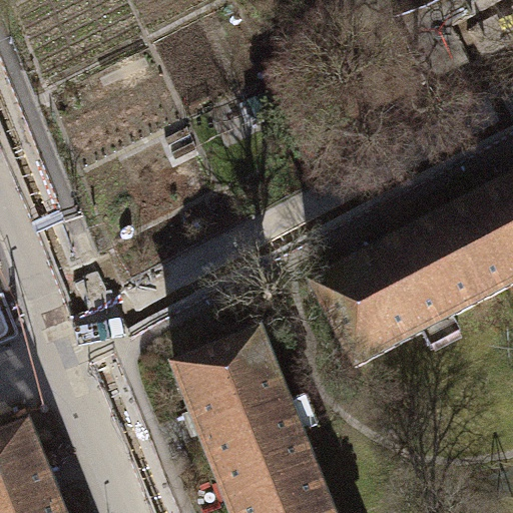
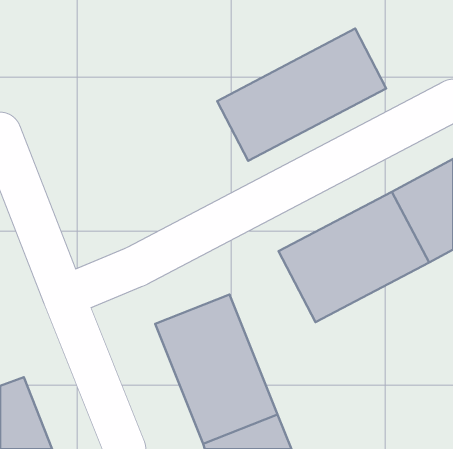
building: none -> [217,29,386,161]

